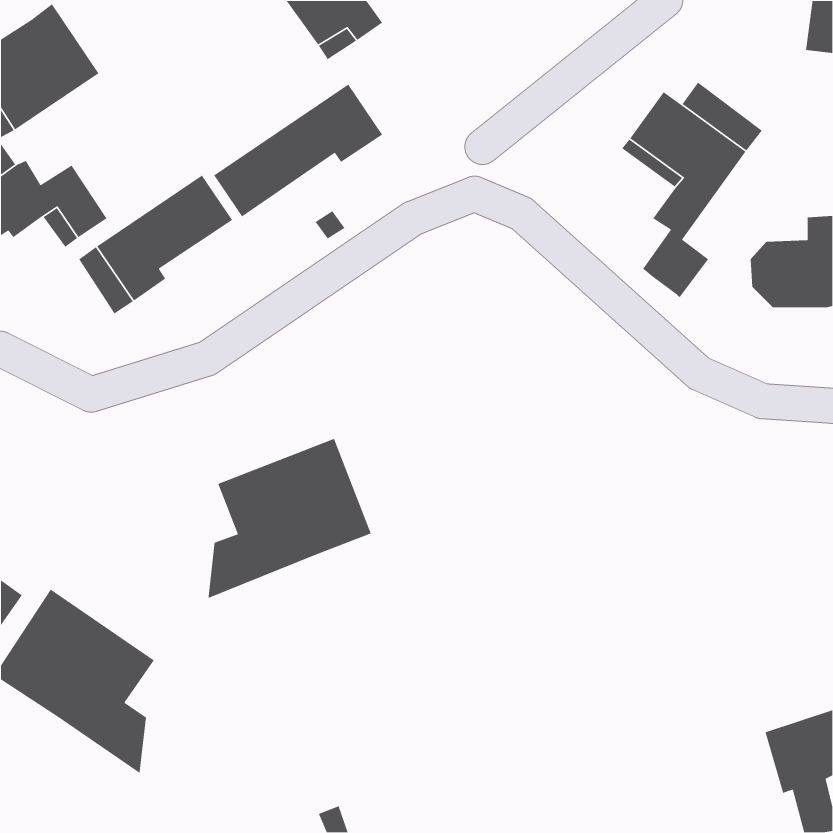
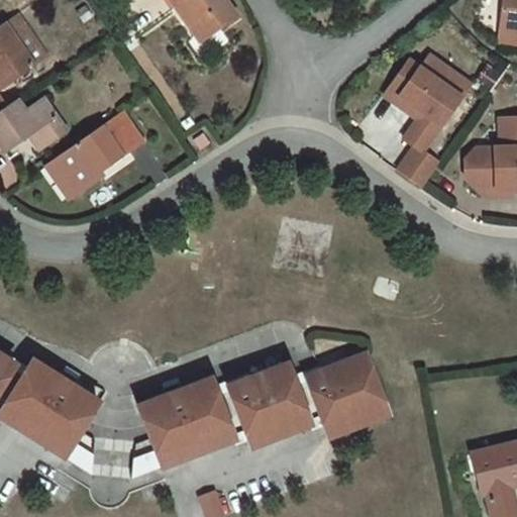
building: [213,84,383,217] -> none
building: [207,438,372,599] -> [127,385,229,485]
building: none -> [301,357,384,441]
building: none -> [223,370,306,452]

